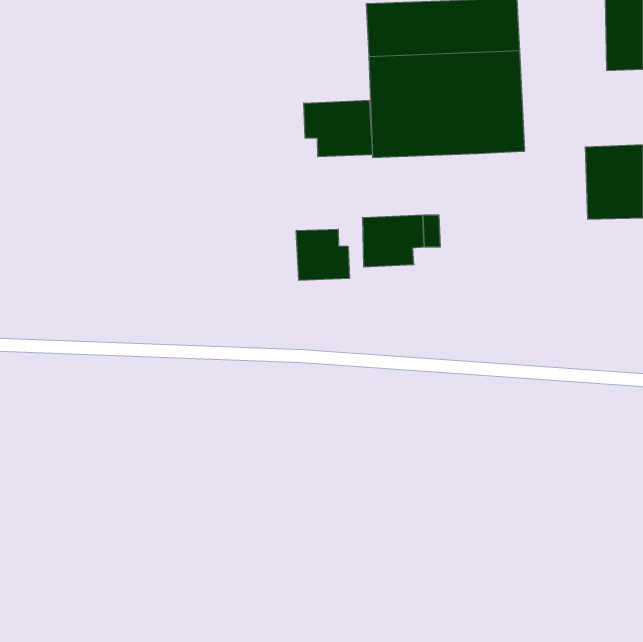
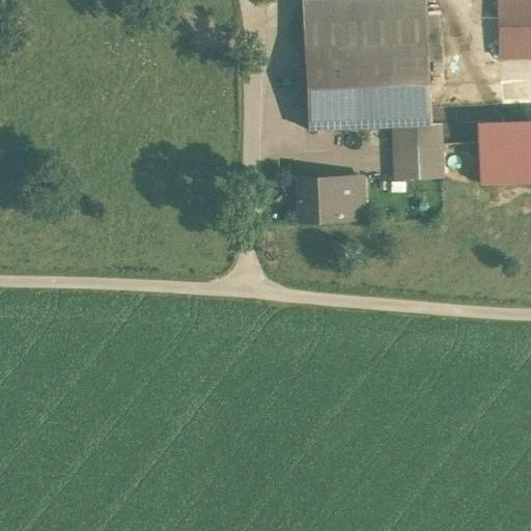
building: [304,100,372,157] -> none
building: none -> [394,122,442,177]
building: [296,229,349,280] -> none

